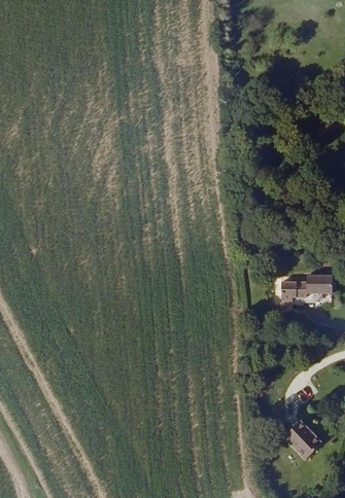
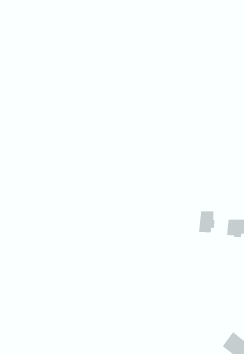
building: none -> [199,210,215,233]

